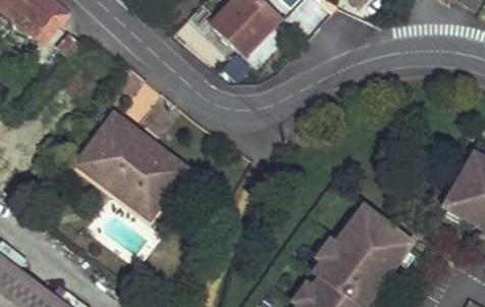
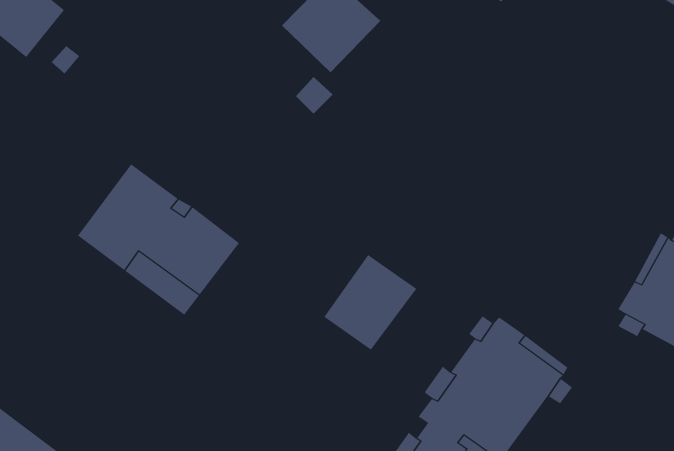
building: none -> [324,254,417,351]

